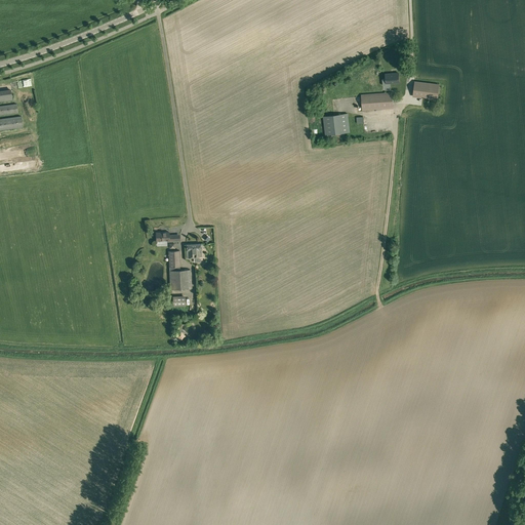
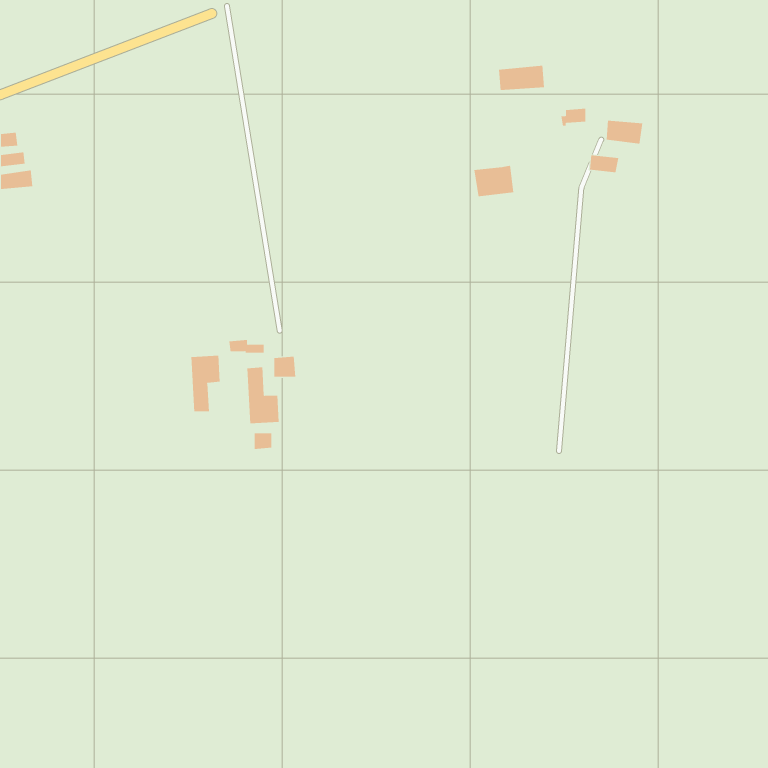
building: [361,92,393,110] -> [498,65,545,91]
building: none -> [191,355,220,412]

